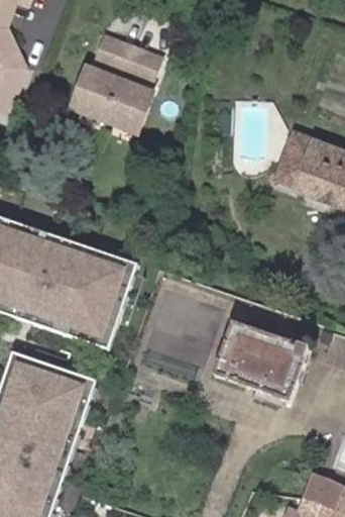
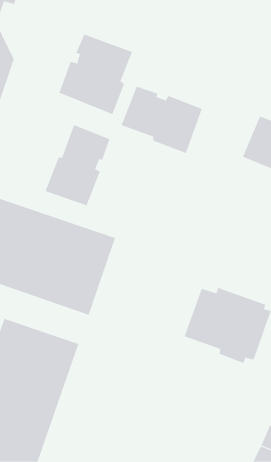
building: none -> [121,86,202,154]
building: none -> [45,124,110,206]

